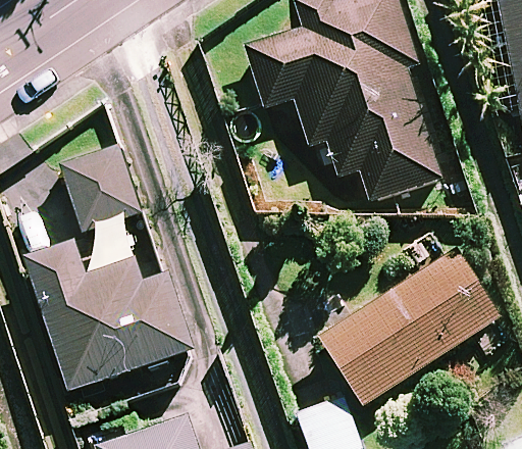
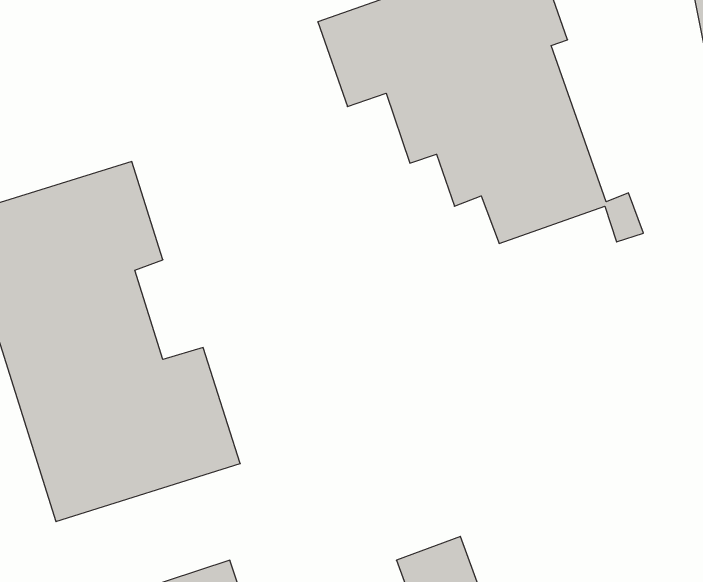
building: [320,252,499,405] -> none

